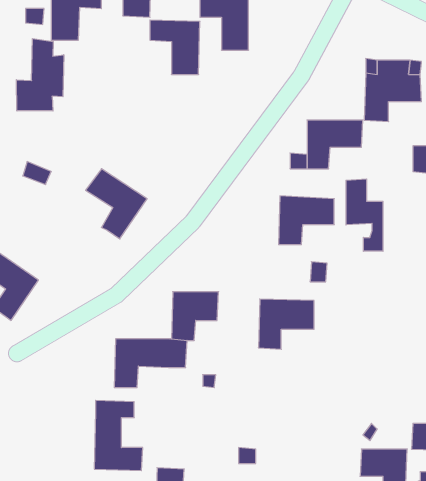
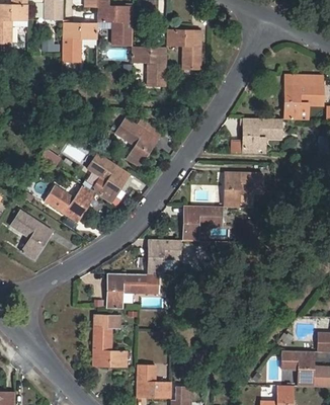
building: [16,39,64,111] -> none
building: none -> [114,117,158,167]
building: [346,179,383,251] -> none
building: none -> [46,184,95,221]
building: [258,299,314,349] -> [182,206,222,241]

